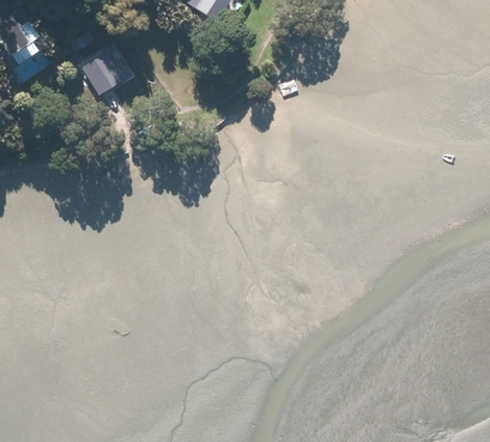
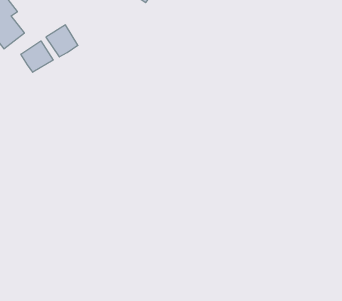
building: none -> [21,41,53,72]

